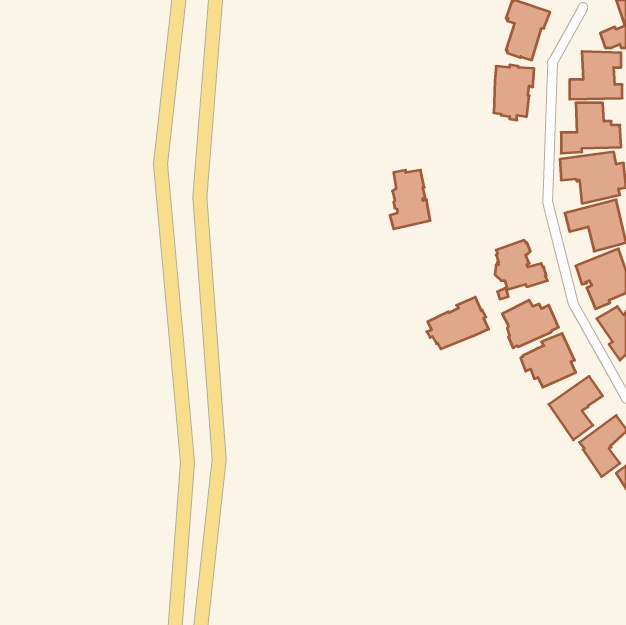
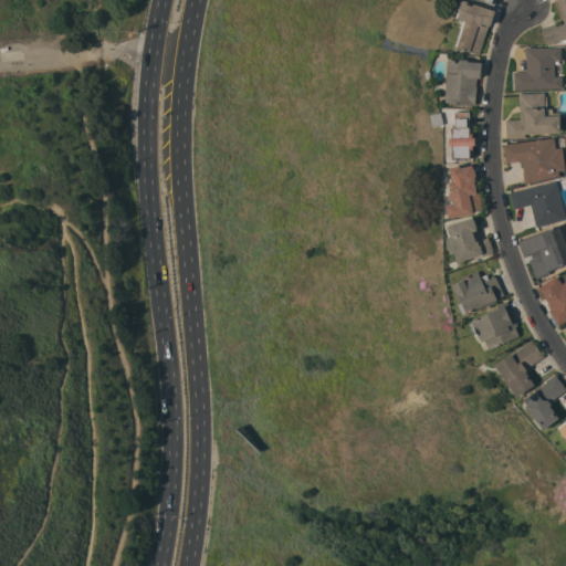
building: none -> [450,113,475,161]
building: [390,170,430,229] -> [447,166,483,219]
building: [427,297,489,349] -> none

